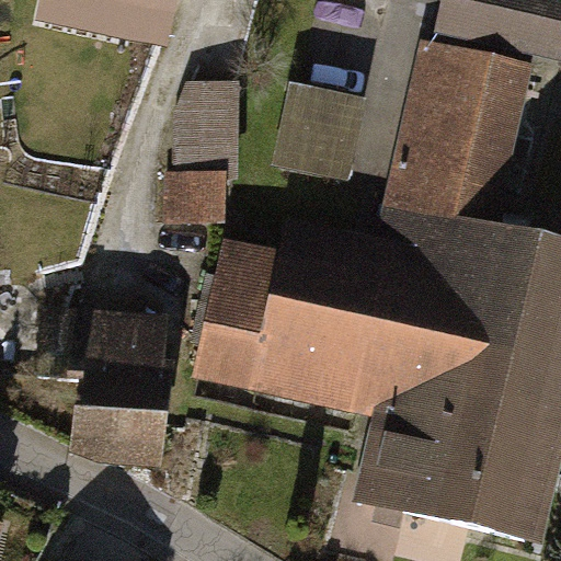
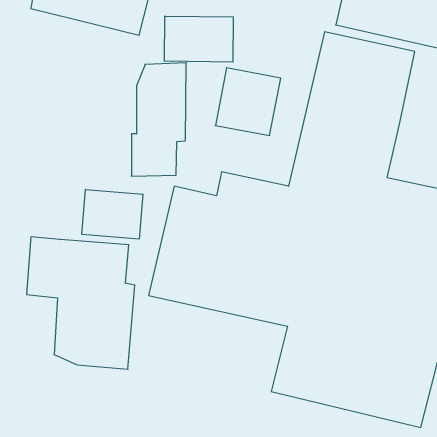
building: none -> [164,16,233,62]
building: none -> [82,189,143,239]

